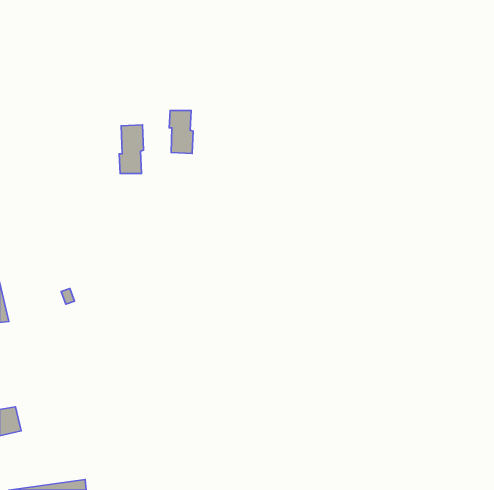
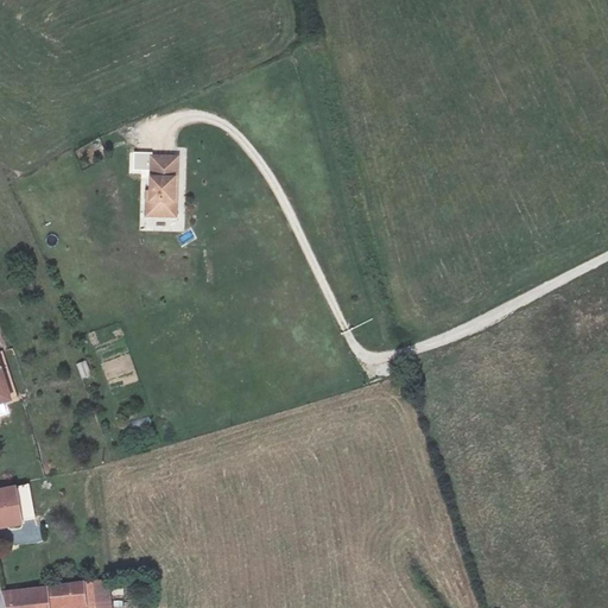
building: [169,111,193,153] -> none

